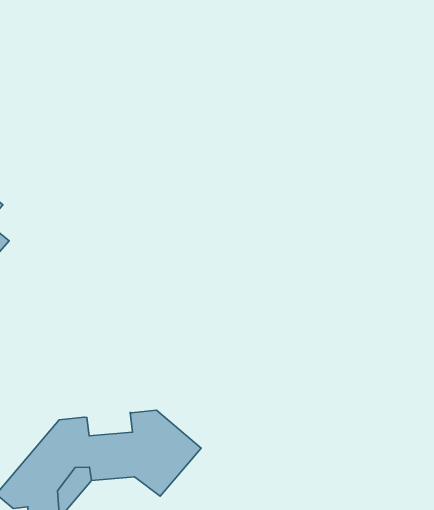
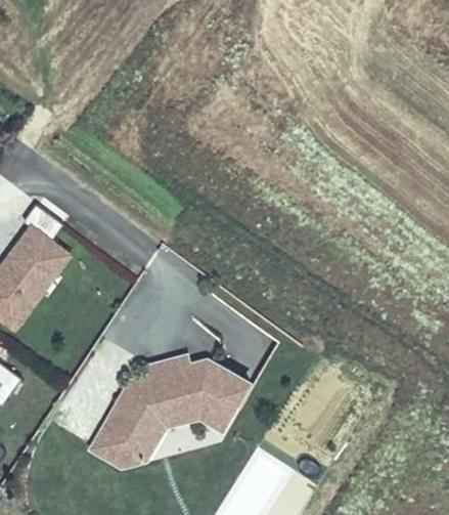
building: none -> [148,360,190,393]

